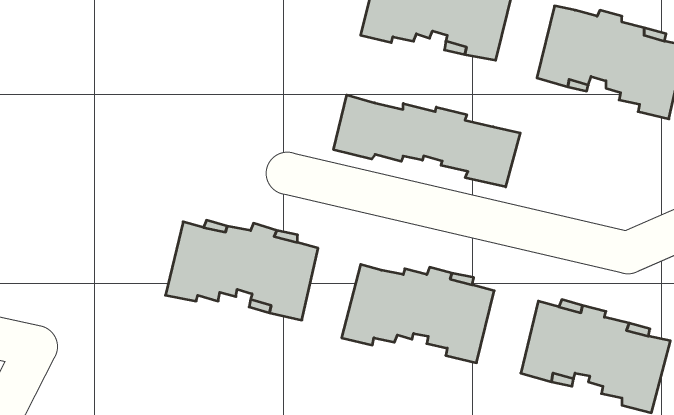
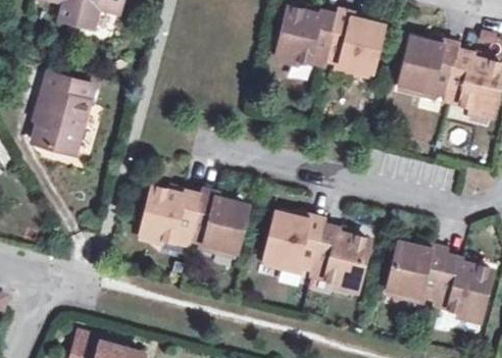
building: none -> [33,74,94,155]
building: [334,95,520,187] -> none

